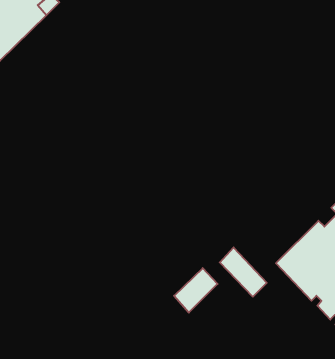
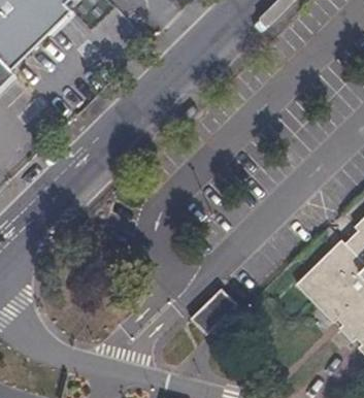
building: [220,247,267,297] -> none

